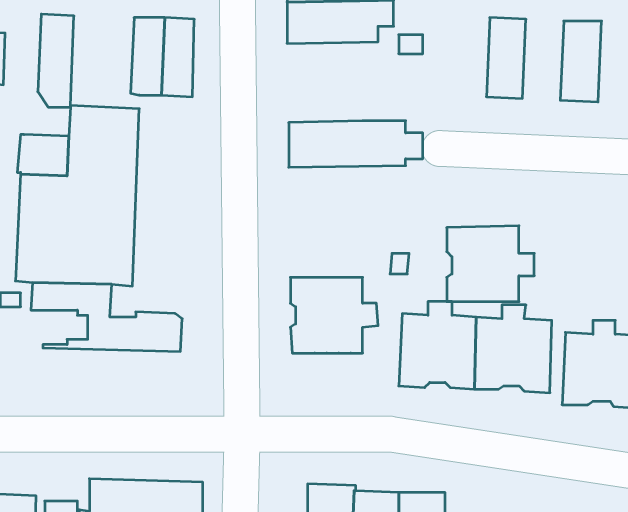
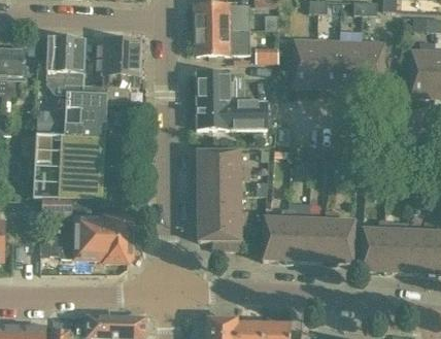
building: none -> [65,38,106,94]
building: none -> [292,38,316,87]
building: none -> [336,40,361,89]
building: none -> [195,72,240,102]
building: [447,226,534,302] -> [197,149,249,195]
building: none -> [39,236,131,262]

